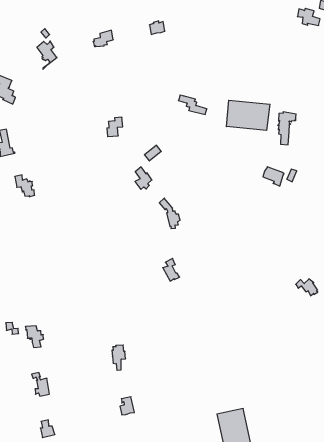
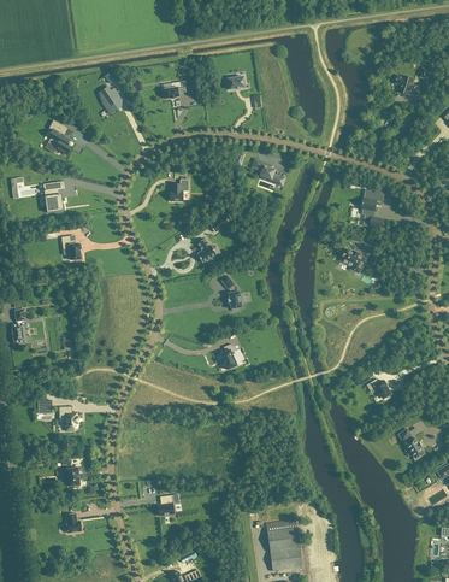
building: [226,100,270,130] -> none

